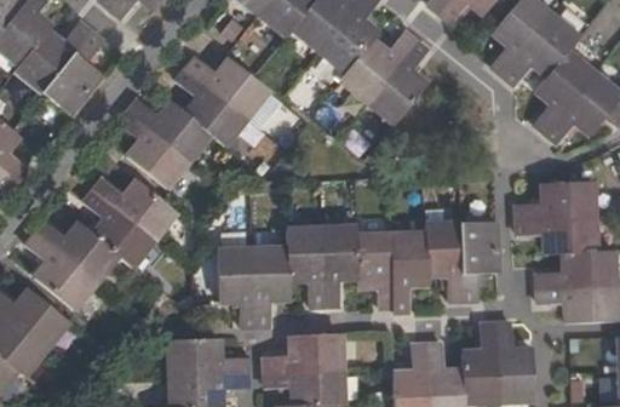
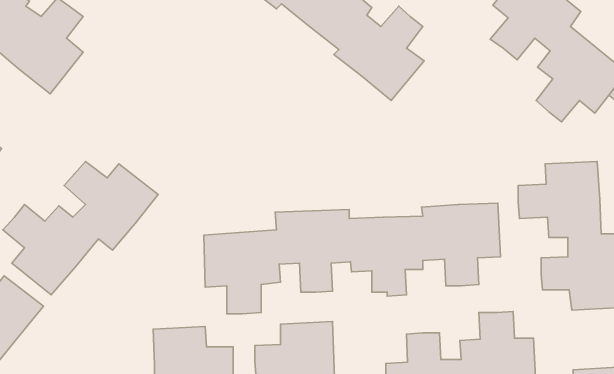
building: [119,56,268,185] -> none

